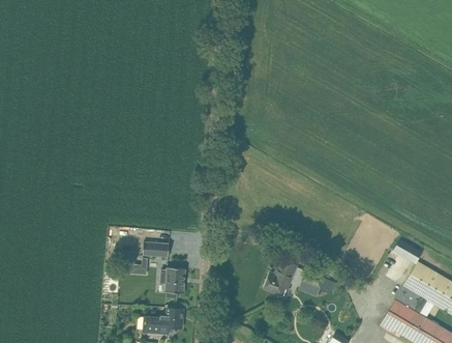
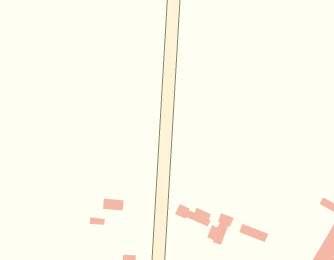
building: none -> [174,203,212,228]
building: [161,268,186,298] -> none

